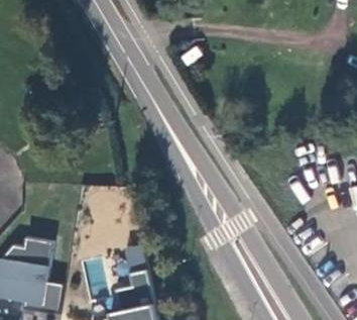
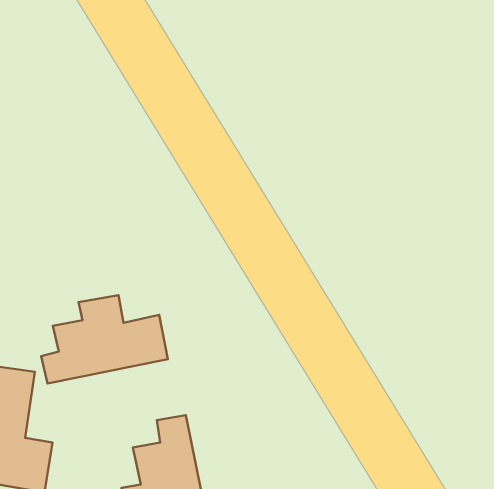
building: none -> [41,295,168,383]

